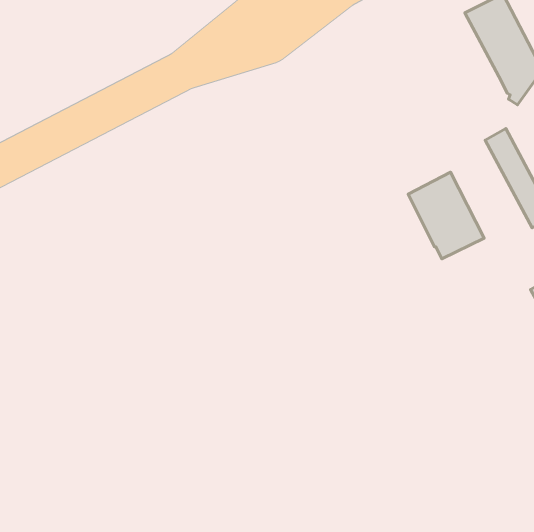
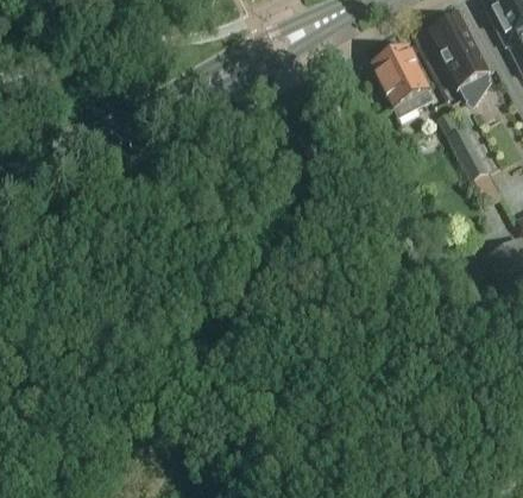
building: [408,172,484,259] -> [371,45,433,115]

